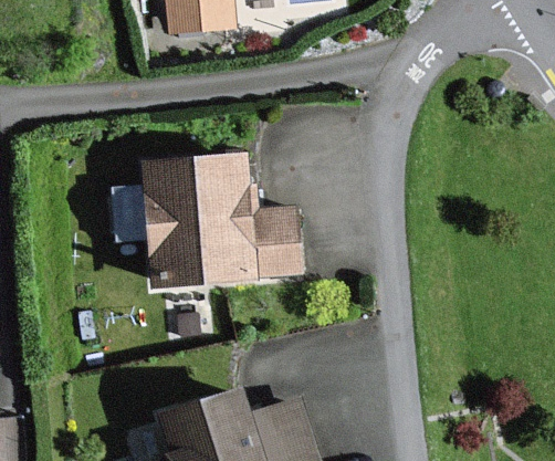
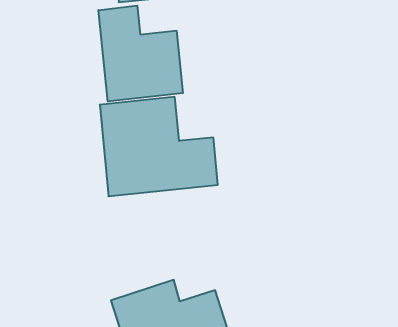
building: none -> [98,6,183,102]

